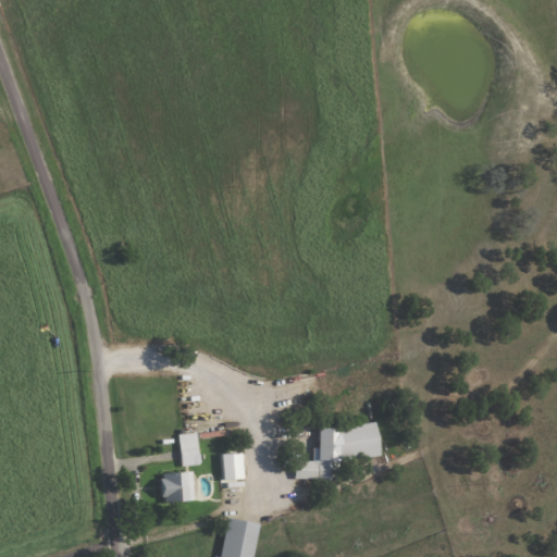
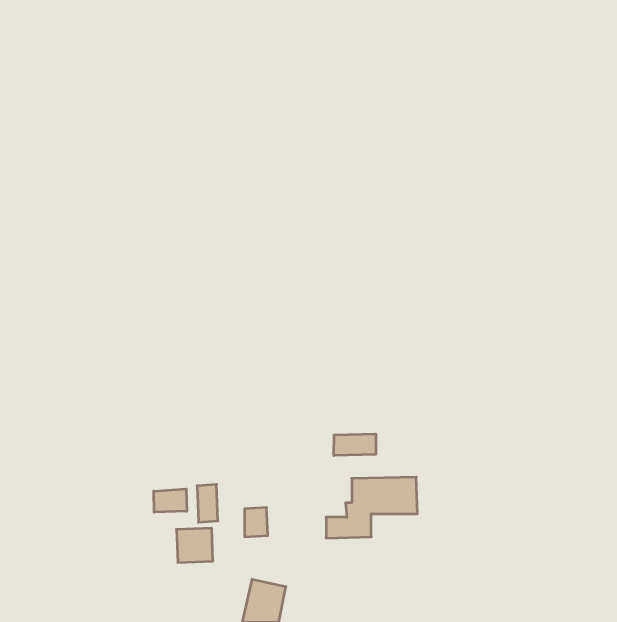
building: none -> [334,434,376,456]
building: none -> [154,489,187,512]

